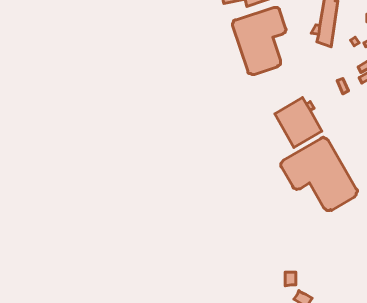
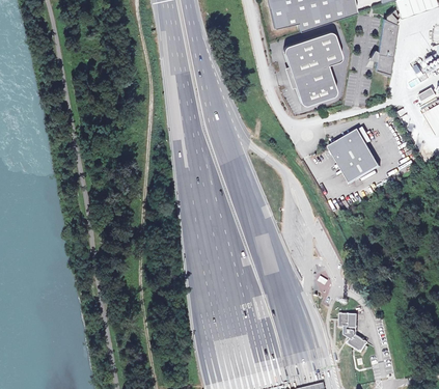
building: [281,137,357,211] -> none

